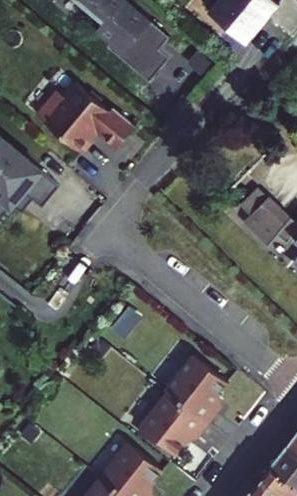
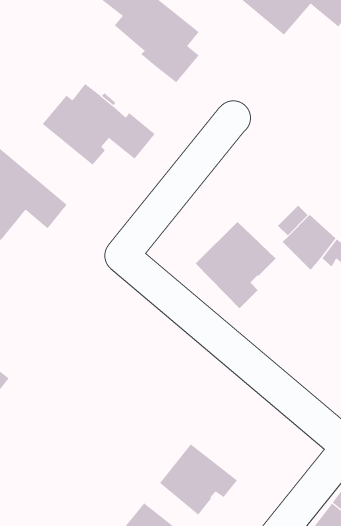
building: none -> [195,221,276,309]
building: [163,357,226,426] -> none

